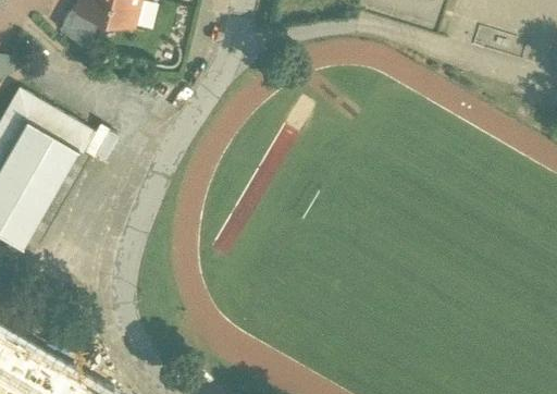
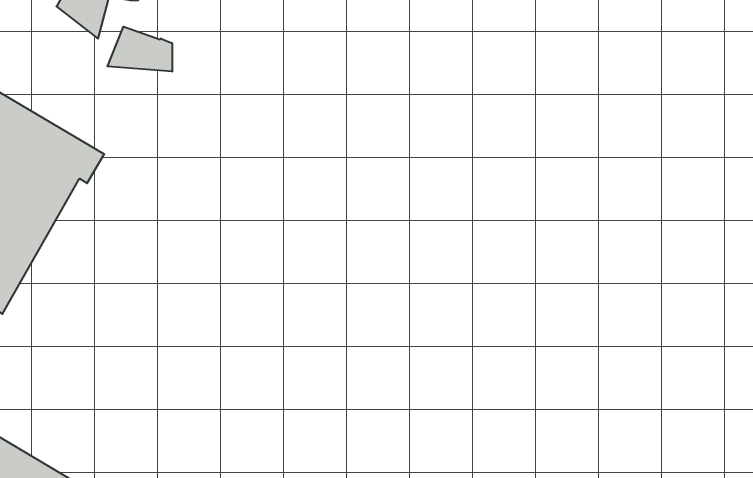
building: none -> [107,27,172,72]

